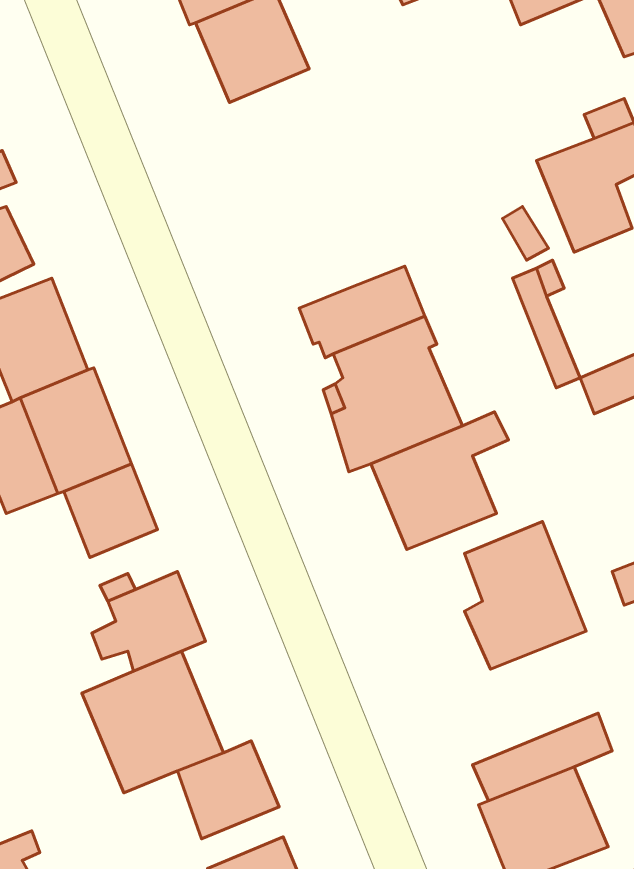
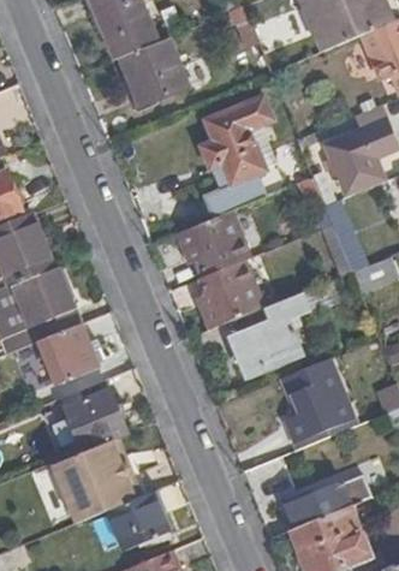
building: none -> [201,97,272,219]

